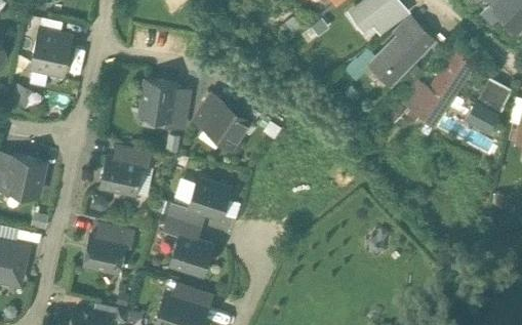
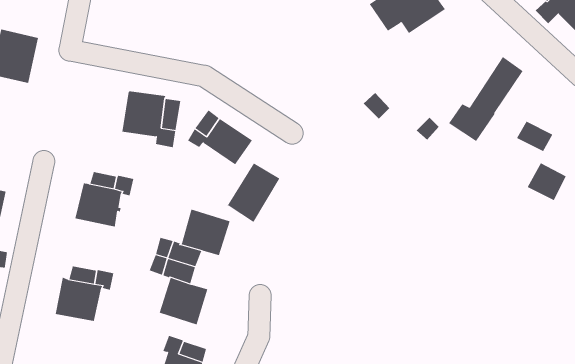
building: [378,29,432,79] -> none
building: [479,80,512,112] -> [527,162,567,201]
building: none -> [226,163,280,223]

